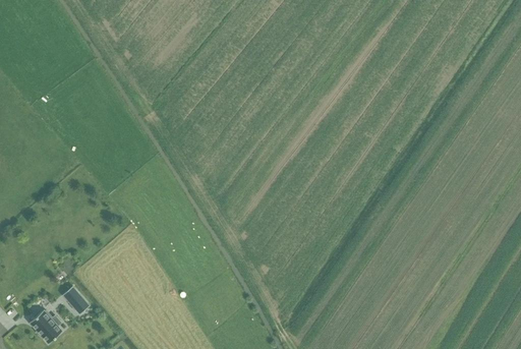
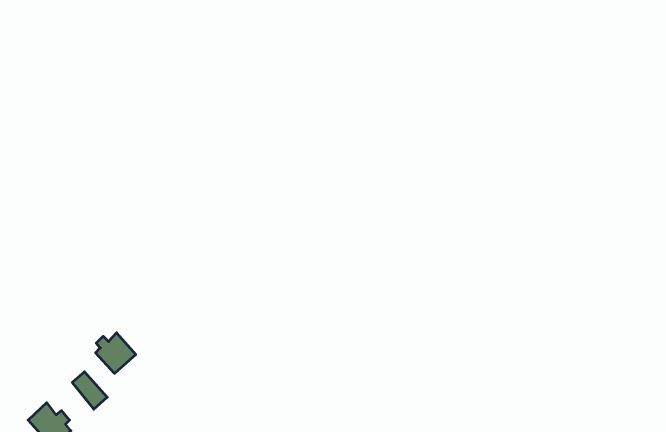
building: none -> [96,333,136,373]

